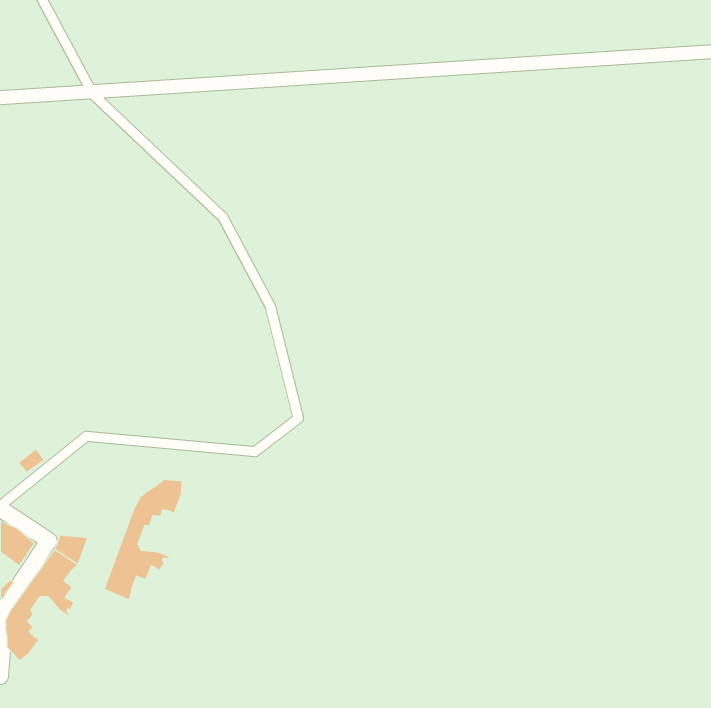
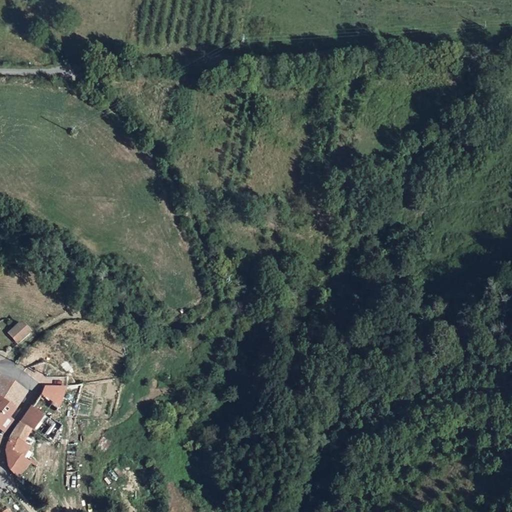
building: [104,479,182,600] -> none

